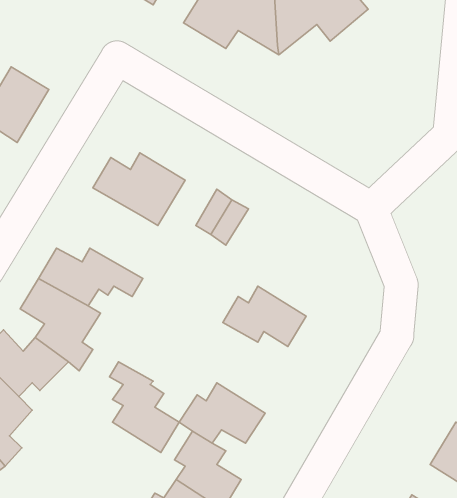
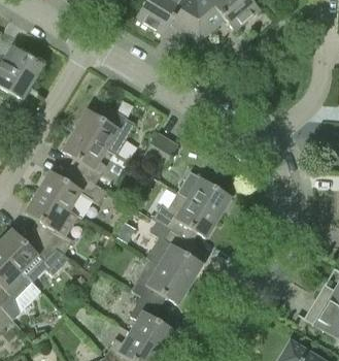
building: none -> [61,130,107,192]
building: none -> [176,172,232,218]
building: [109,362,179,452] -> [156,222,203,284]

